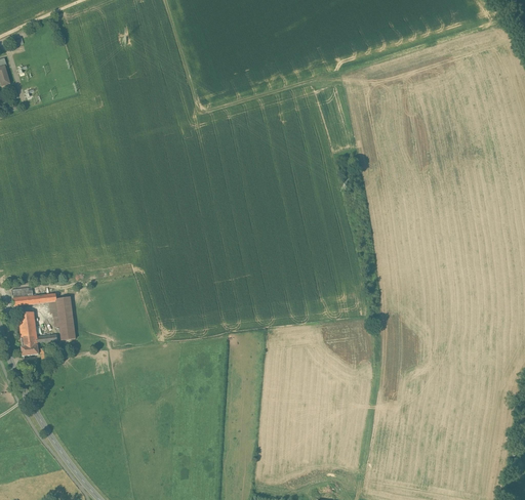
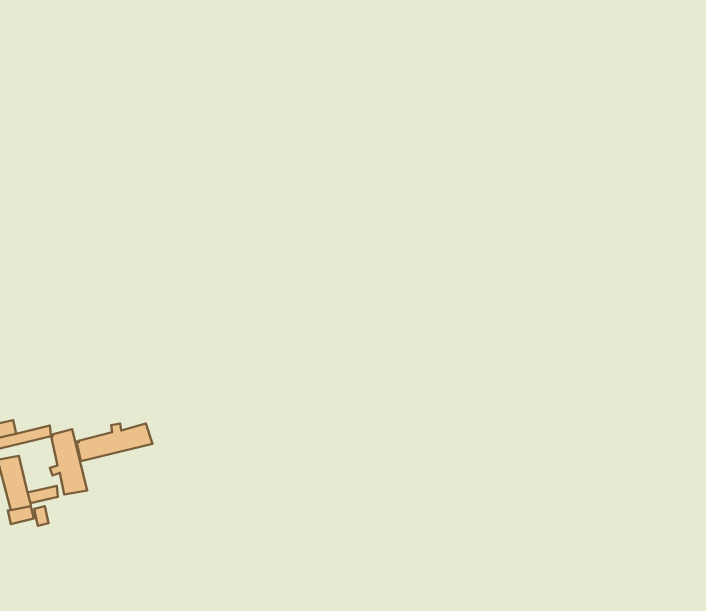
building: none -> [77,423,152,461]

